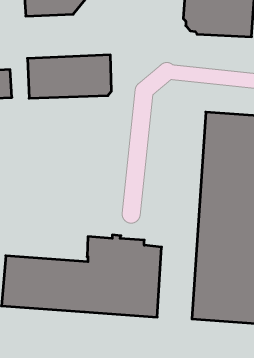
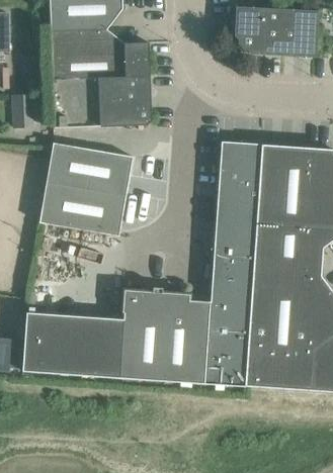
building: none -> [51,29,150,81]
building: none -> [204,140,261,385]
building: none -> [39,144,133,235]

